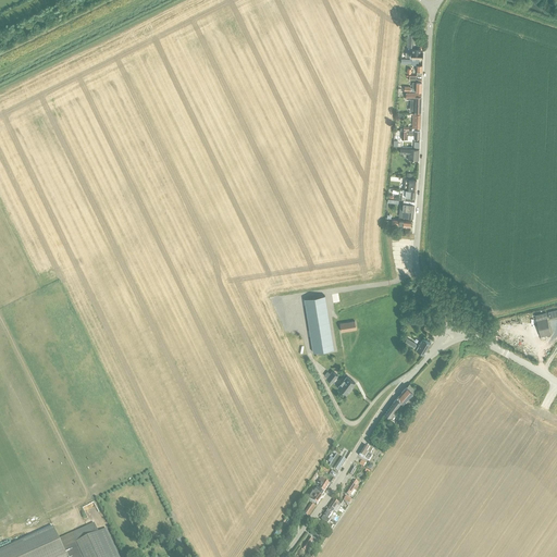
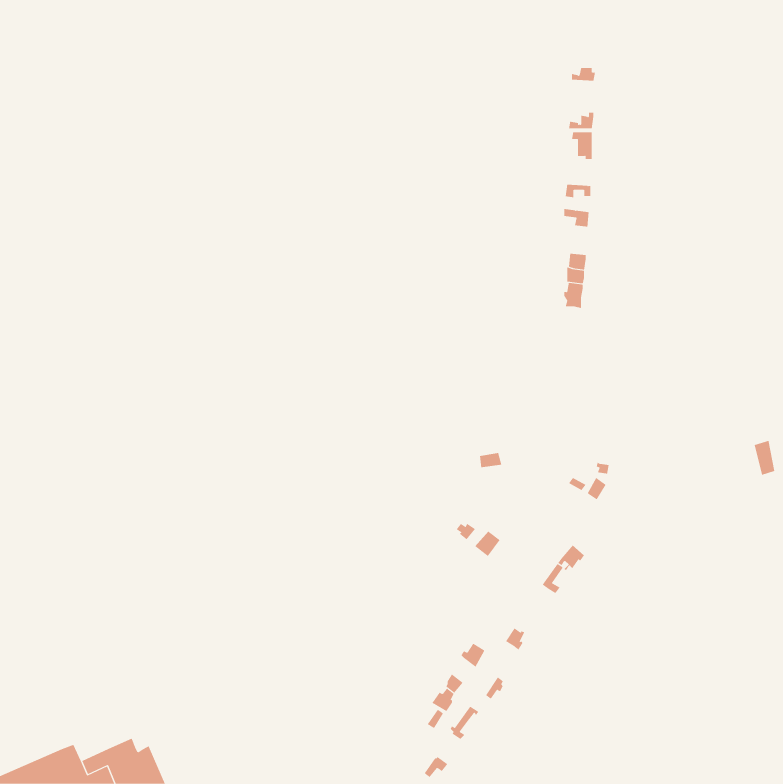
building: [304,296,333,352] -> none

